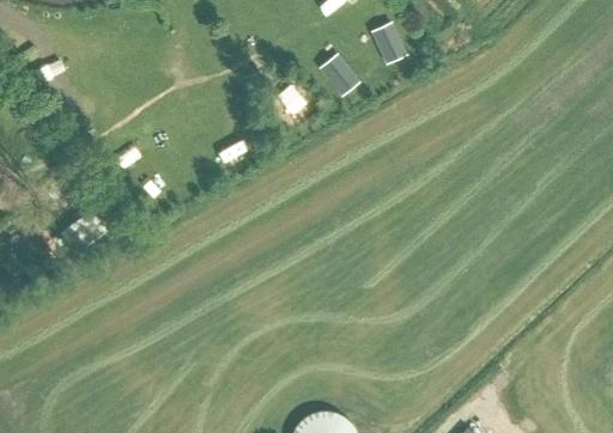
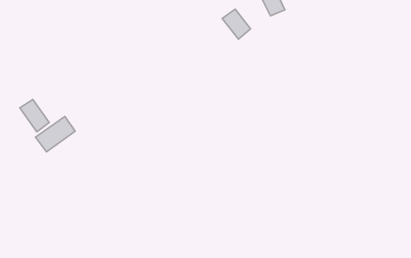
building: none -> [20,99,49,132]

